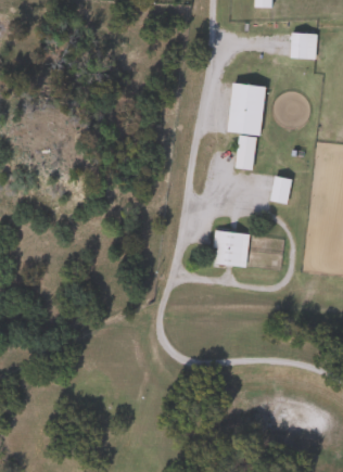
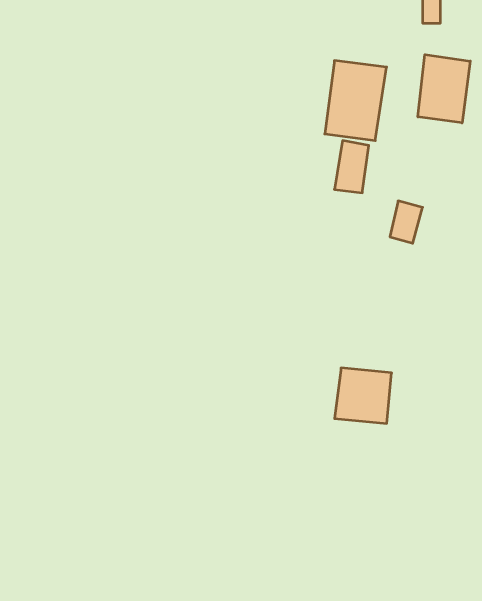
building: none -> [418,55,470,123]
building: [212,230,250,267] -> [335,368,392,423]

